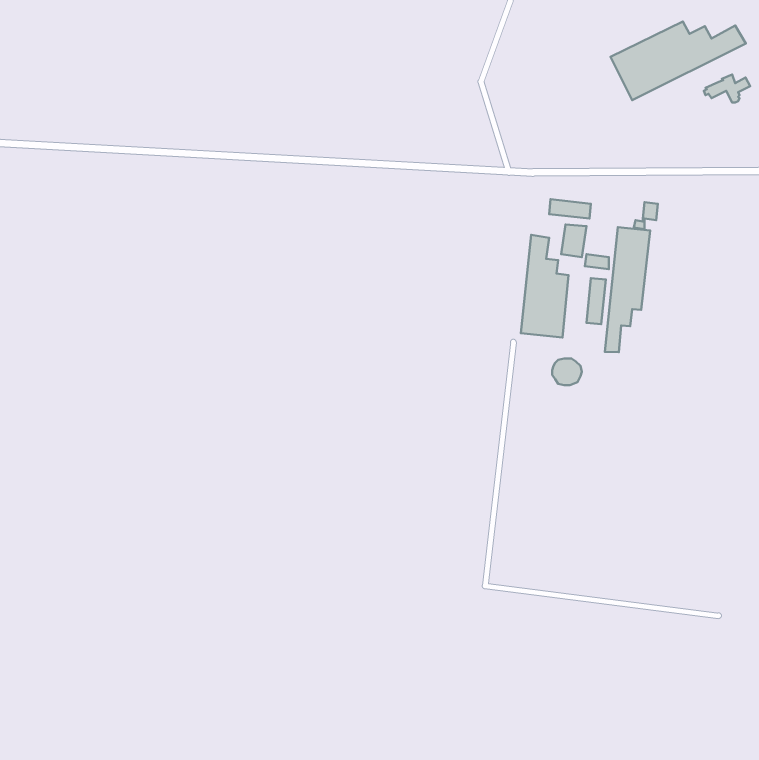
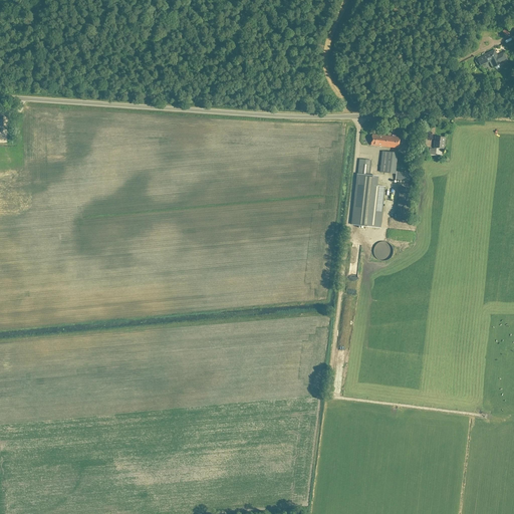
building: [611,22,746,100] -> none
building: [605,227,650,352] -> none

